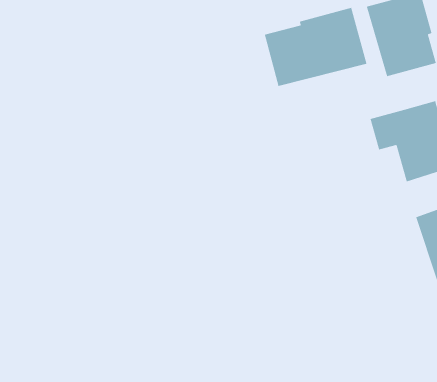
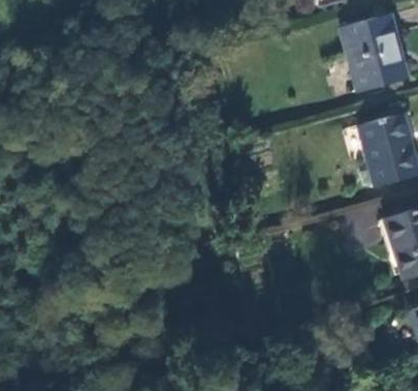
building: [264,7,367,87] -> none

